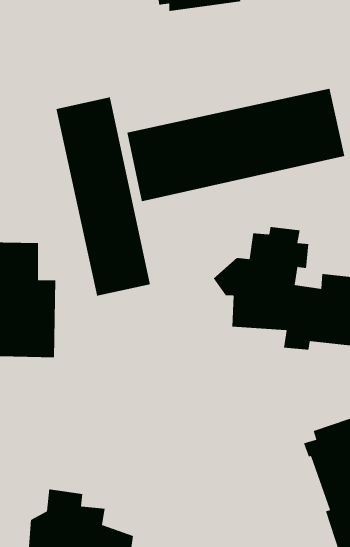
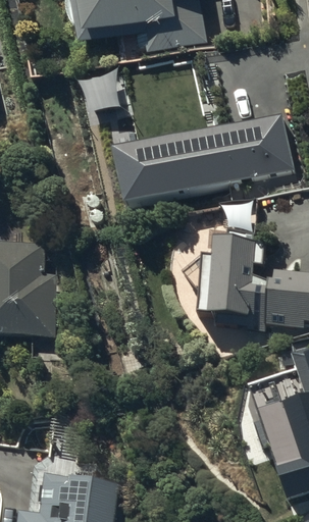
building: [56,96,150,297] -> none

